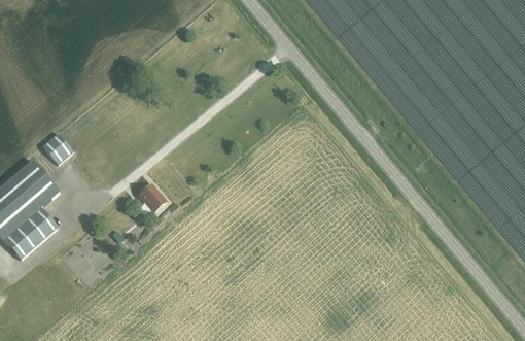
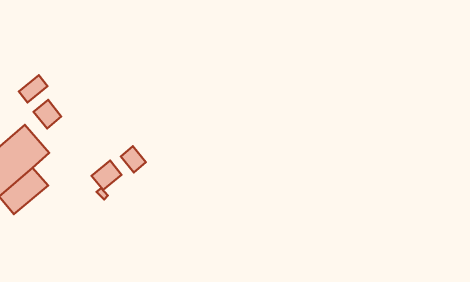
building: none -> [19,75,47,102]
building: none -> [92,161,121,190]

